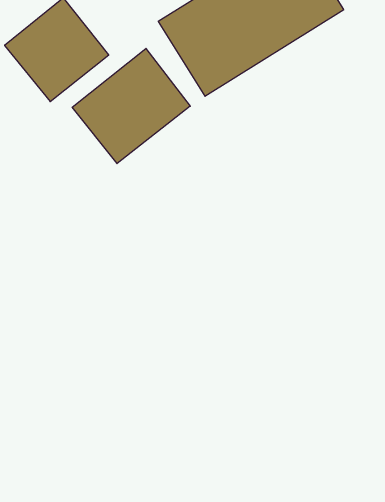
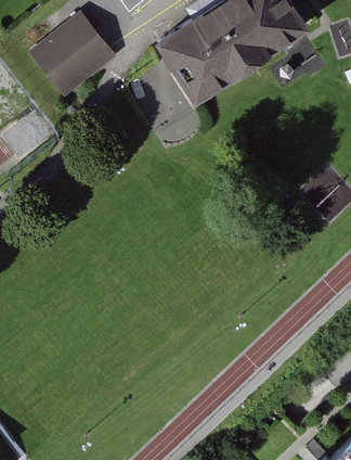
building: [72,48,190,164] -> none

